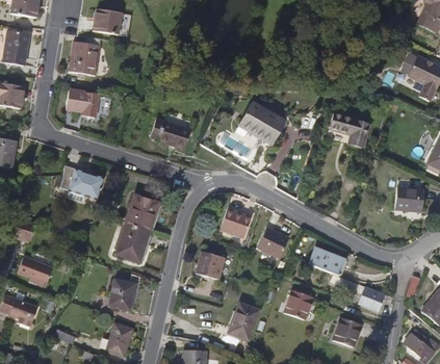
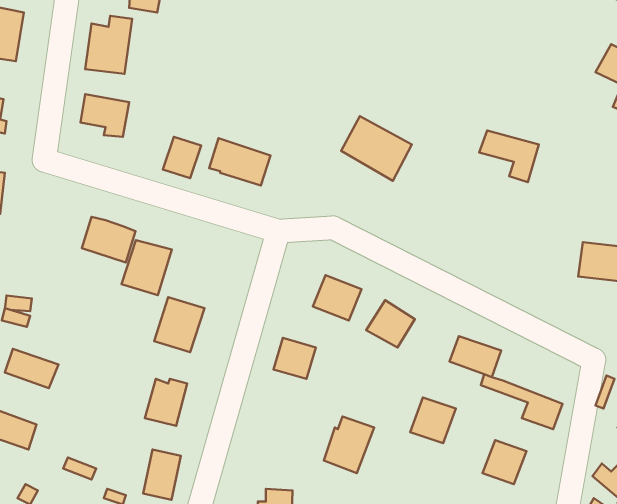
building: none -> [163,137,201,178]
building: [124,193,157,230] -> [122,240,172,295]

